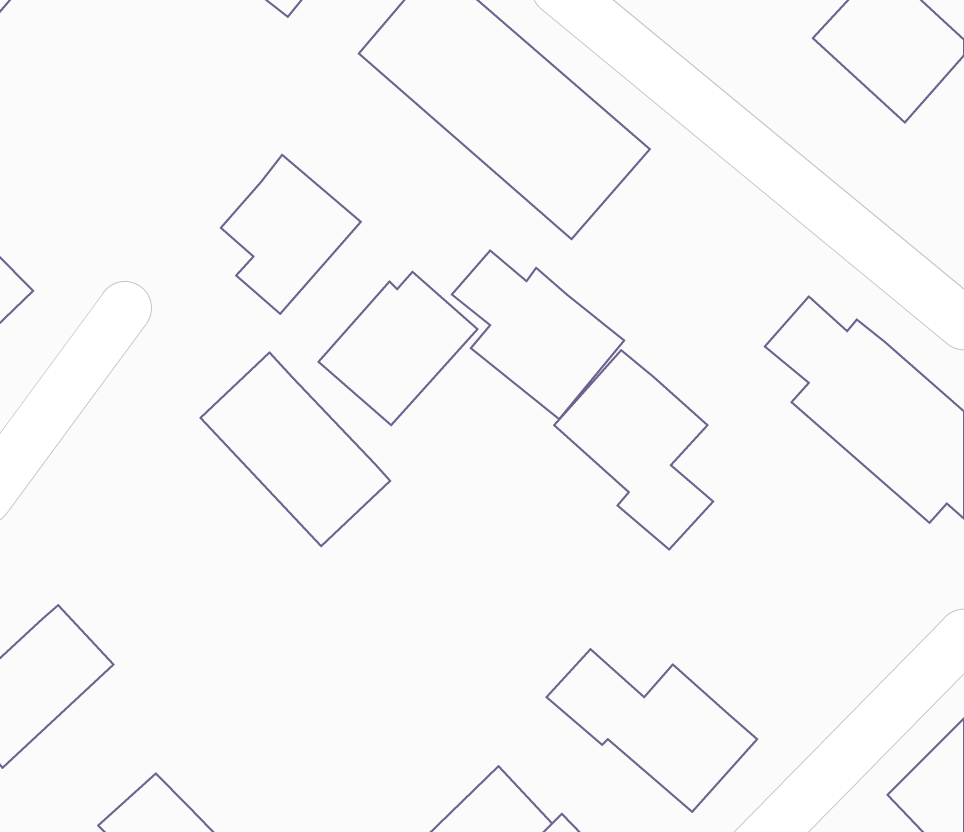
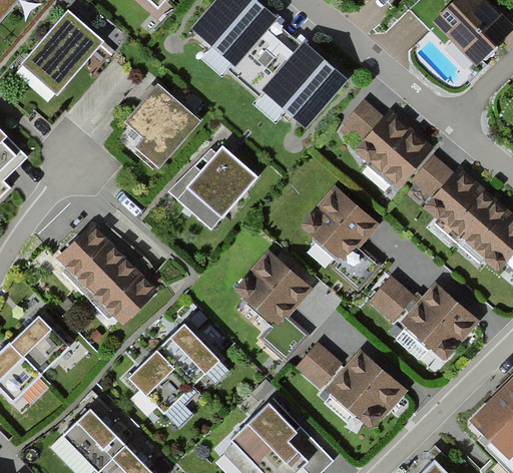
building: none -> [19,10,102,95]
building: [452,250,624,419] -> [342,103,432,191]
building: [200,353,390,546] -> [54,223,153,325]
building: none -> [233,252,312,358]
building: none -> [367,277,478,362]
building: none -> [124,321,216,412]

